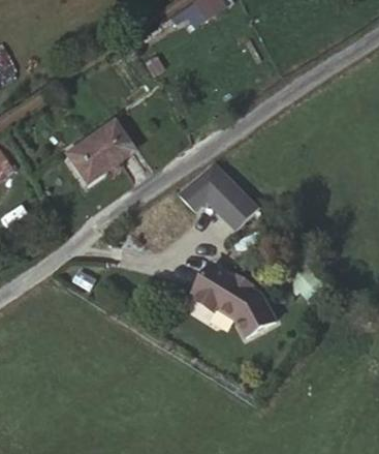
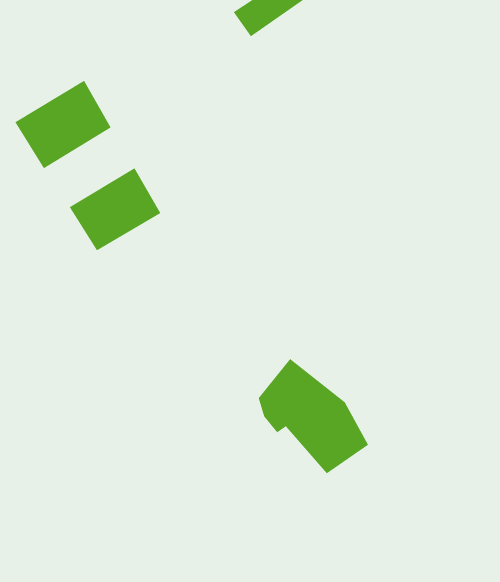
building: none -> [14,80,112,169]
building: [191,174,248,228] -> none

